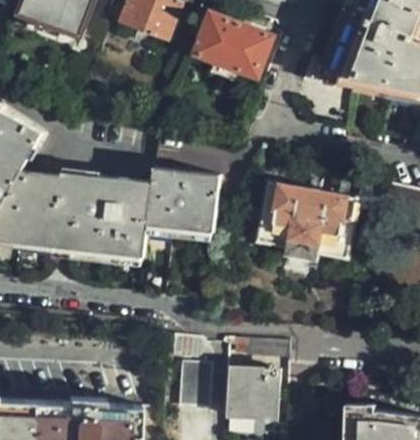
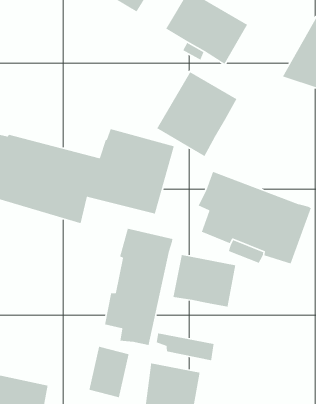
building: none -> [156,71,238,157]
building: none -> [104,228,173,346]
building: none -> [173,254,236,307]

